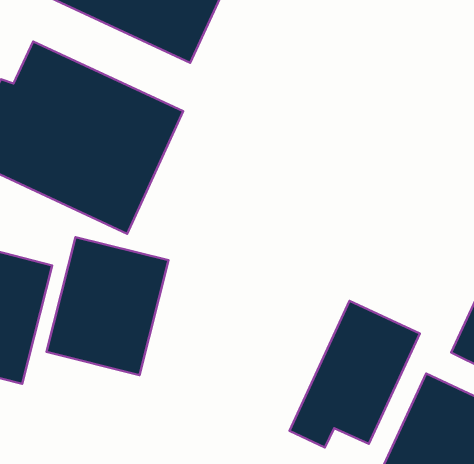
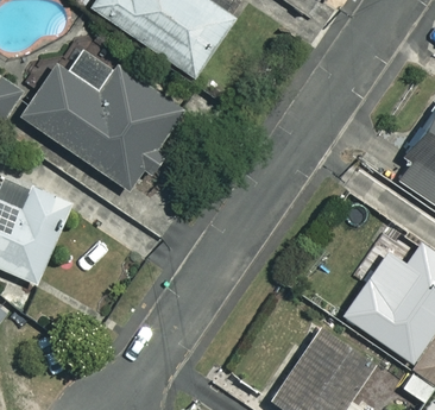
building: [47,237,168,375] -> none
building: [290,301,420,448] -> none

